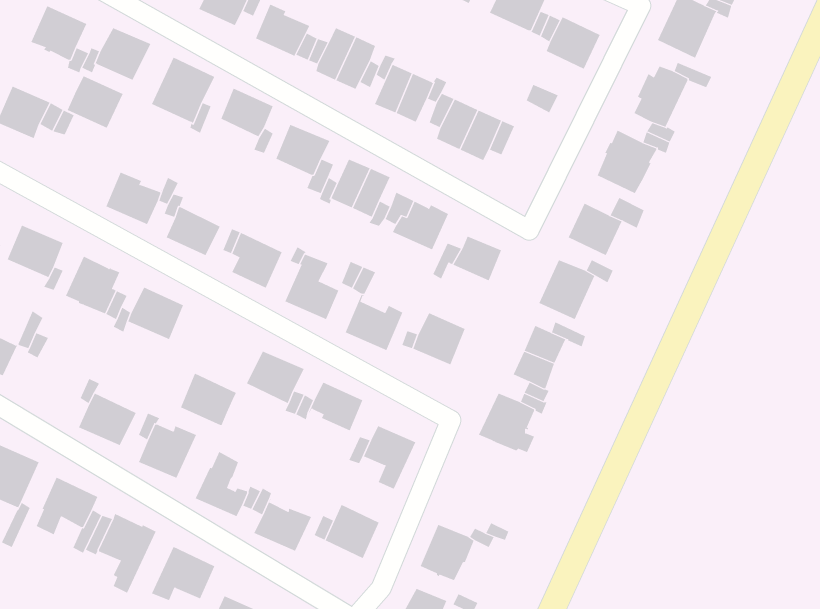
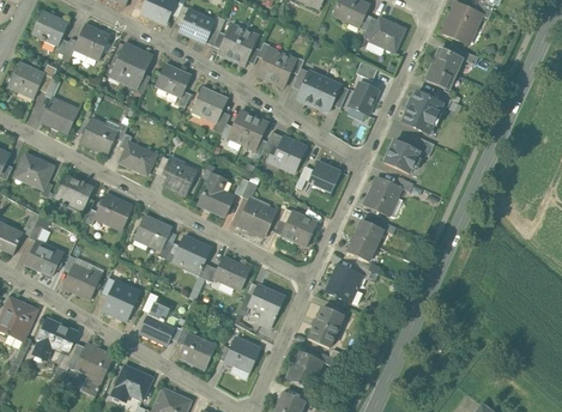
building: [67,76,123,128] -> [41,98,78,133]
building: none -> [349,81,377,114]
building: none -> [25,243,64,274]
building: [180,373,237,426] -> [134,214,171,249]
building: none -> [308,305,344,347]

